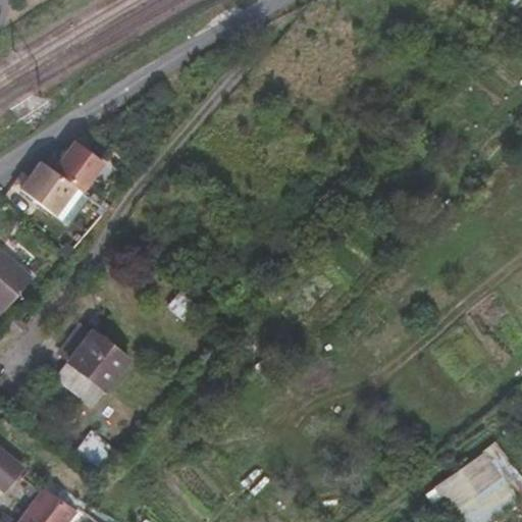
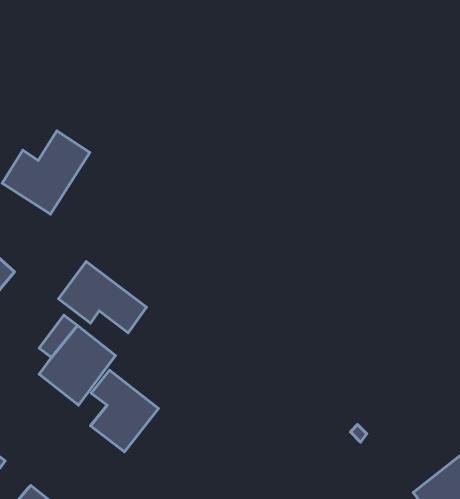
building: none -> [58,262,147,333]
building: none -> [91,370,158,452]

